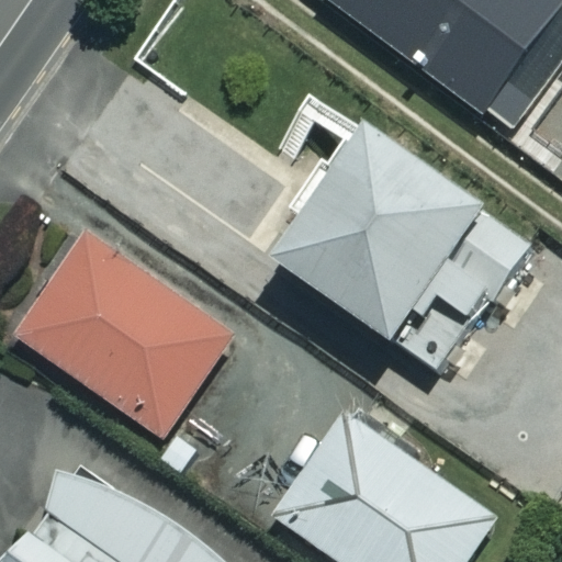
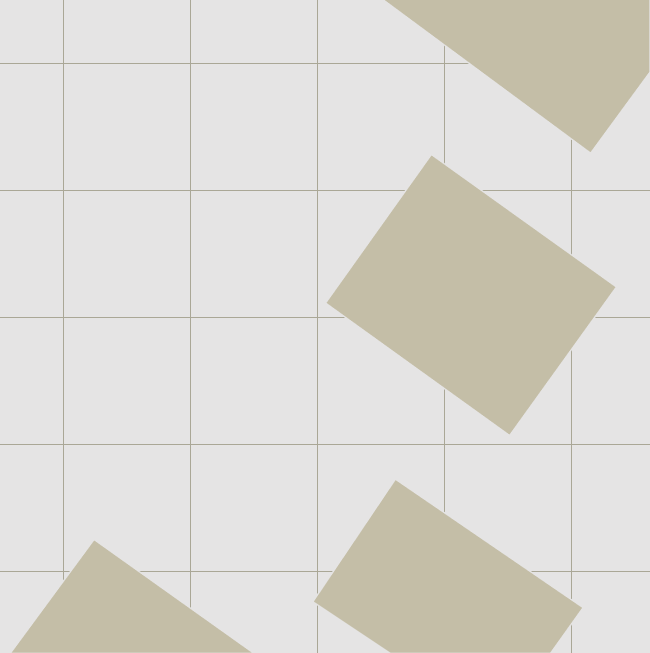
building: [16,232,237,439] -> none

